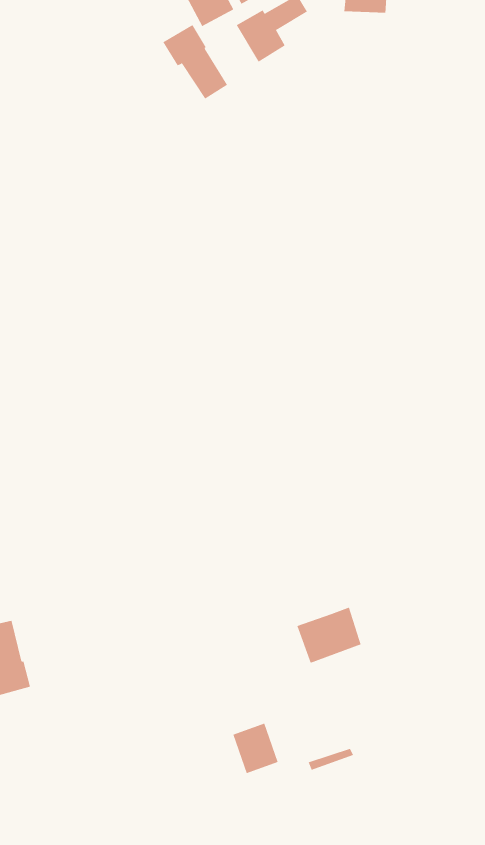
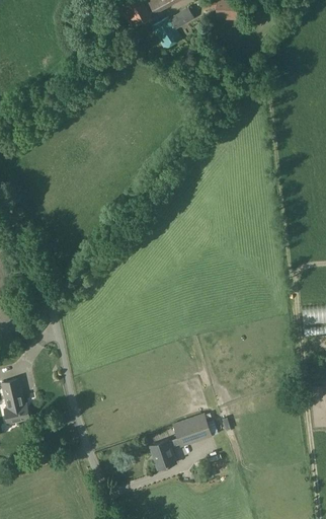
building: [163,24,228,100] -> none
building: [297,607,362,663] -> [173,413,212,446]

